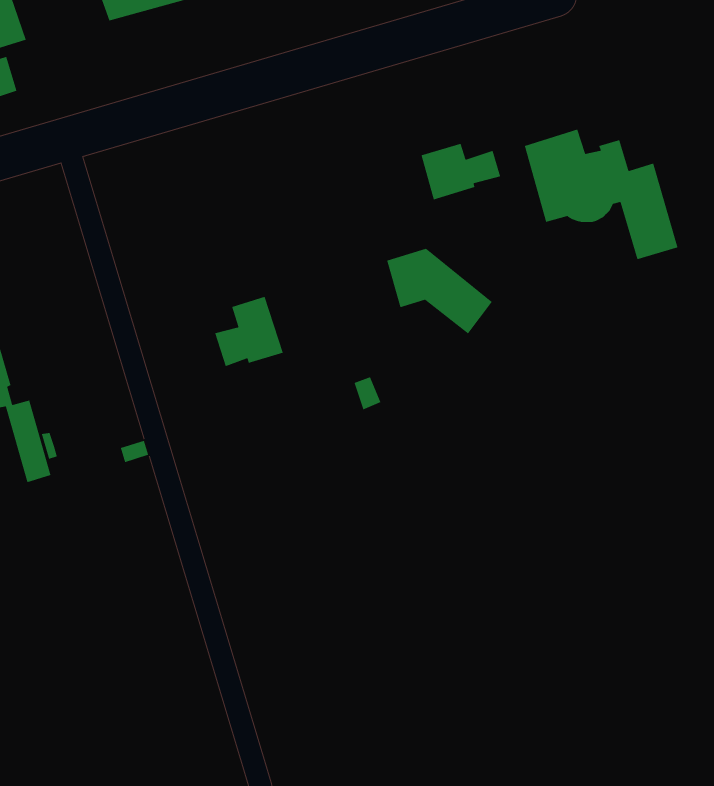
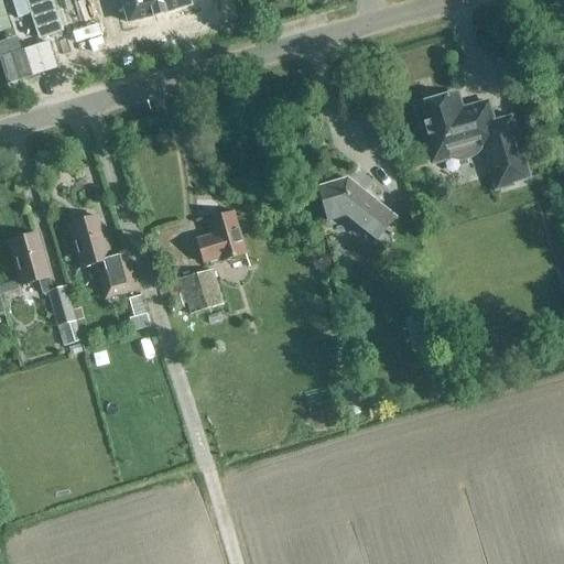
building: [420,143,501,200] -> none
building: none -> [68,215,132,295]
building: none -> [183,269,221,312]

